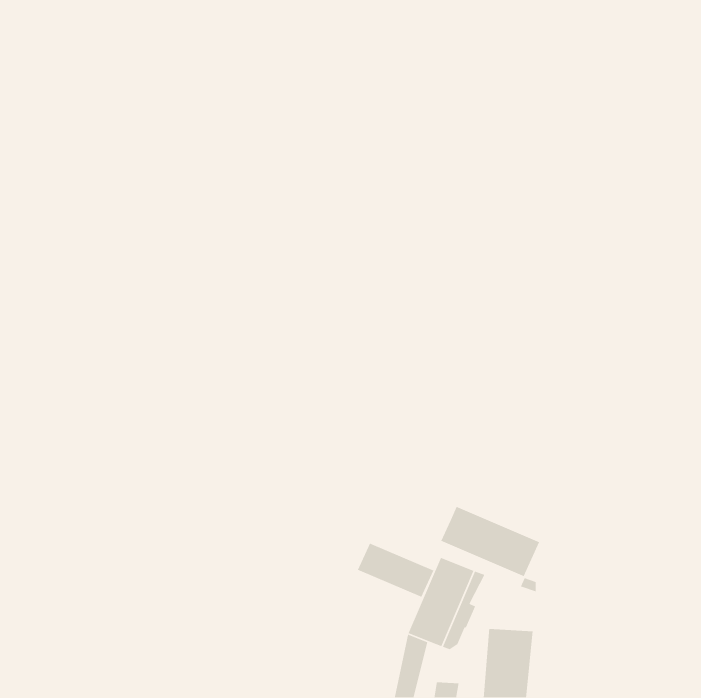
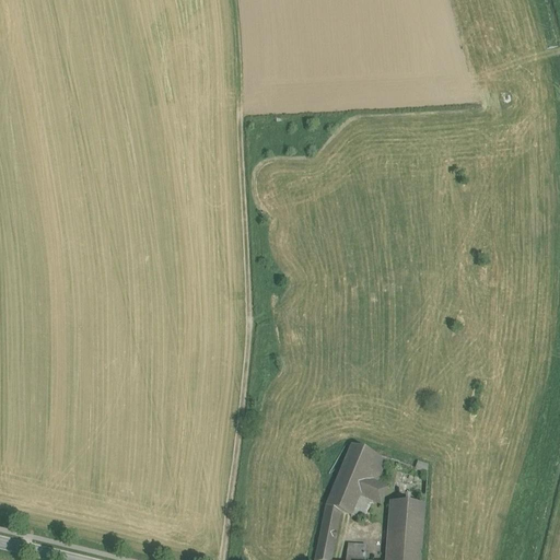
building: [440,506,540,577] -> none
building: [357,542,435,598] -> none

